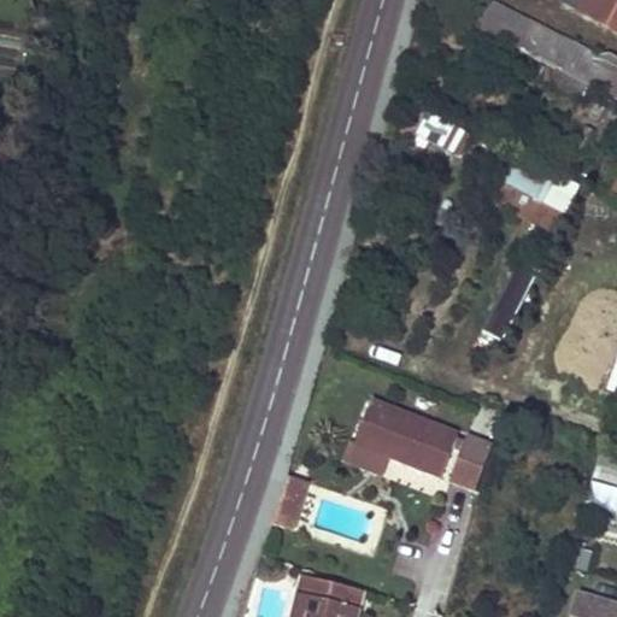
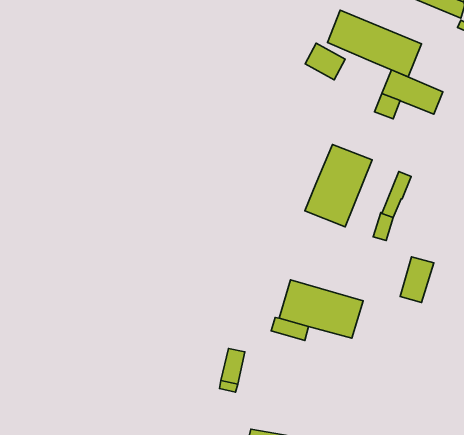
building: none -> [327,10,422,77]
building: none -> [305,144,372,227]
building: [449,434,494,490] -> [400,257,434,302]

